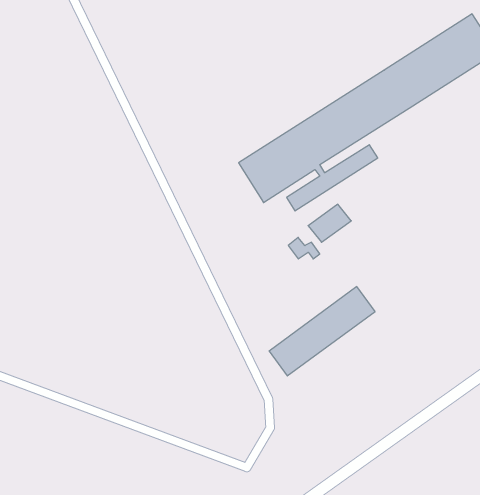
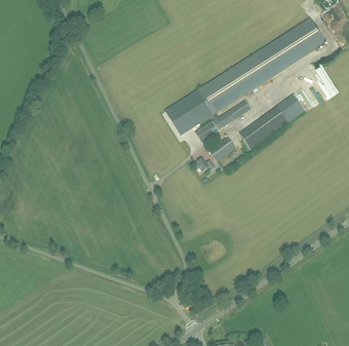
building: [269,287,375,376] -> [239,93,305,149]

